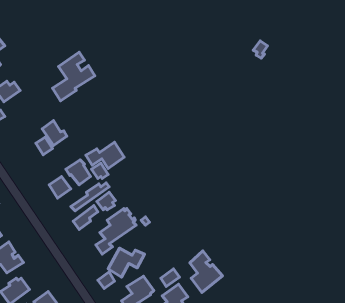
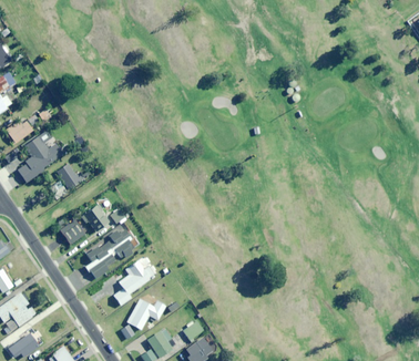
building: [52,52,95,101] -> [18,130,63,182]
building: [86,142,124,169] -> none
building: [190,251,223,292] -> none

